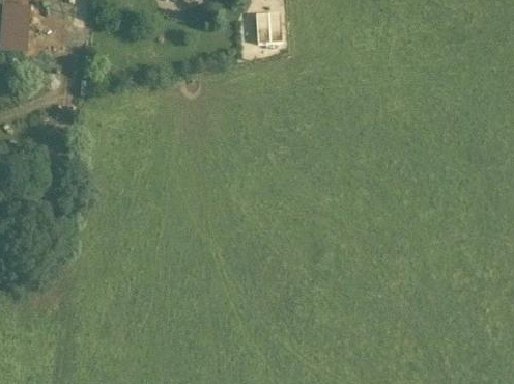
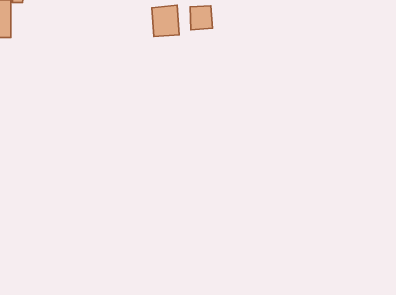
building: none -> [152,5,179,37]

